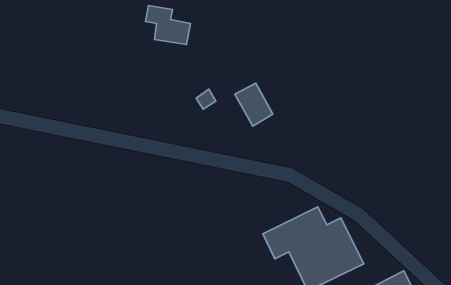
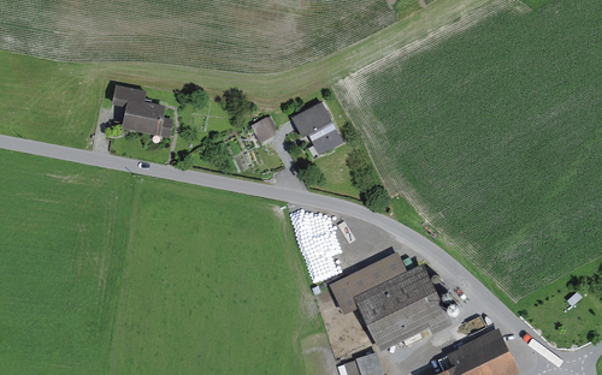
building: [145,6,190,45] -> [113,87,167,133]

